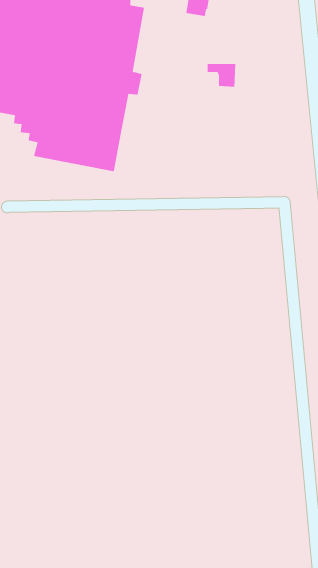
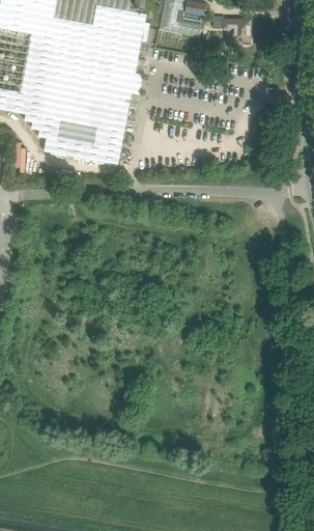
building: [207,64,236,87] -> [223,19,250,40]

